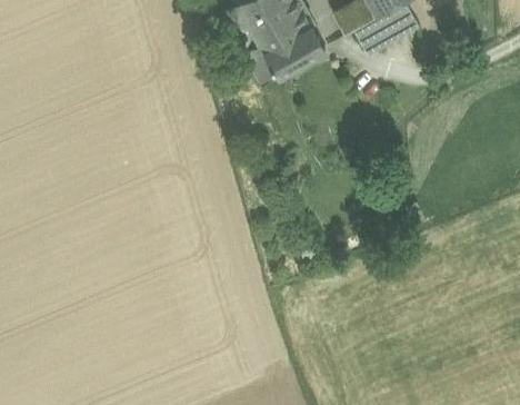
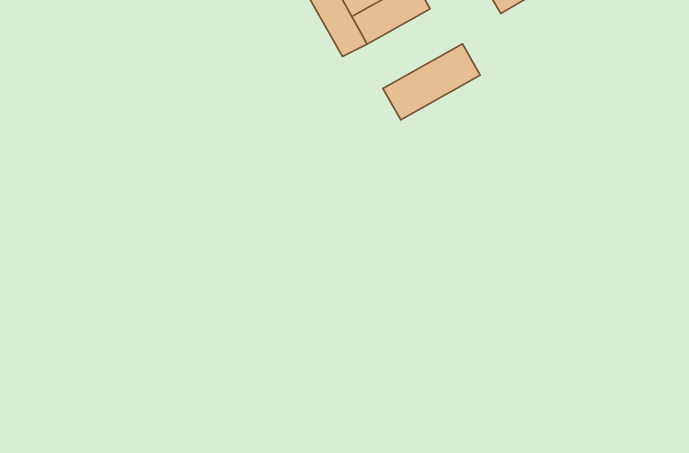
building: none -> [383,44,480,120]

